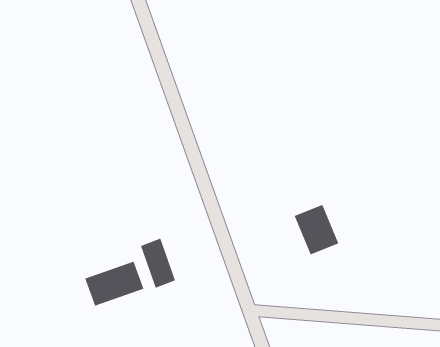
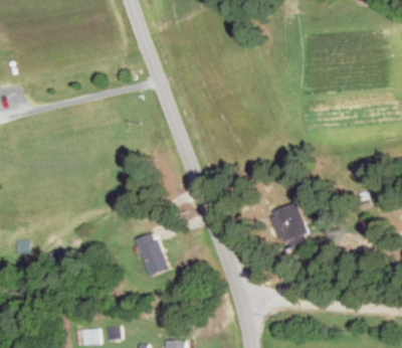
building: [85,261,144,307] -> none

